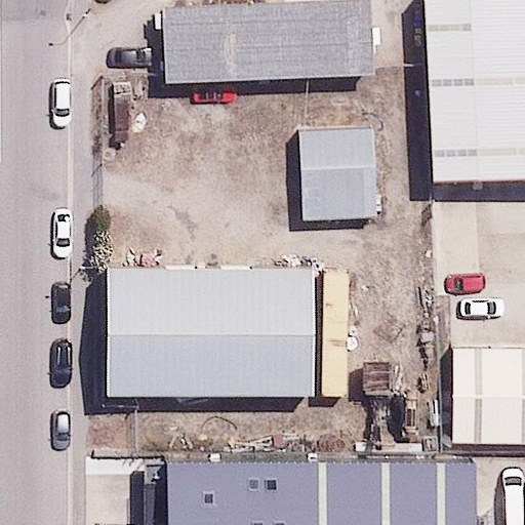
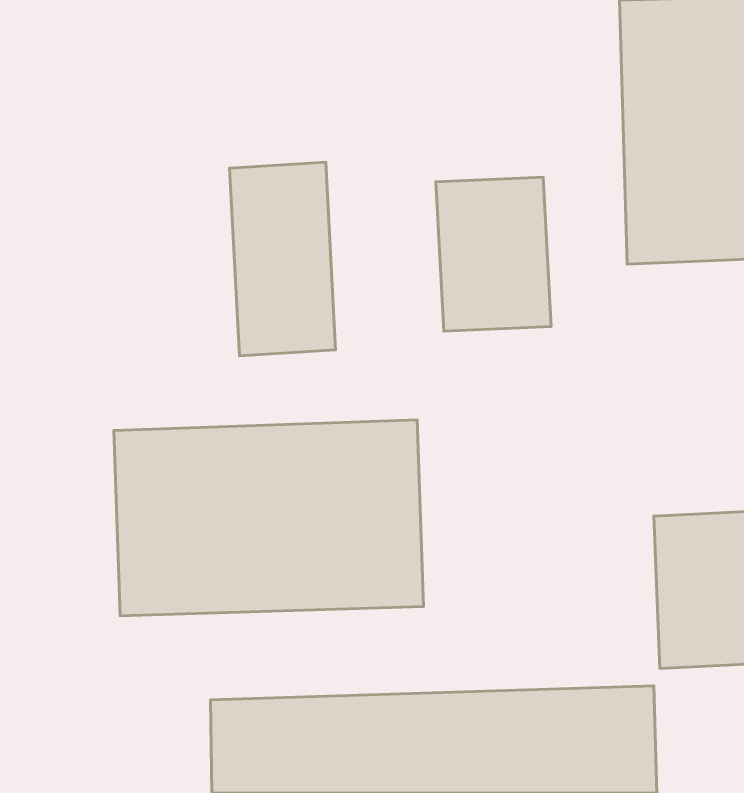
building: [158,10,353,82] -> none
building: none -> [230,162,335,356]

